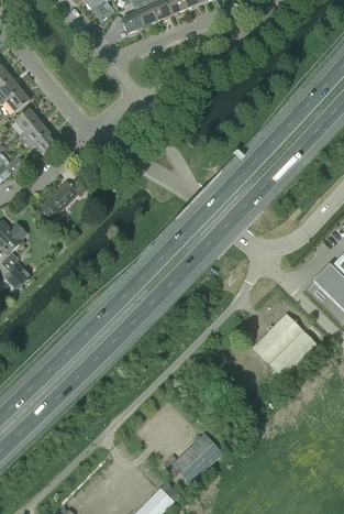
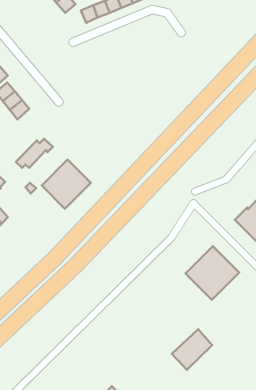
building: none -> [42,160,91,209]
building: [171,433,222,483] -> [172,329,212,370]

